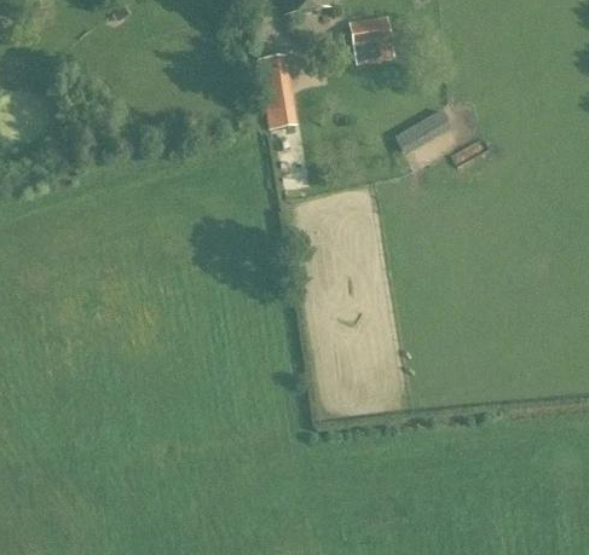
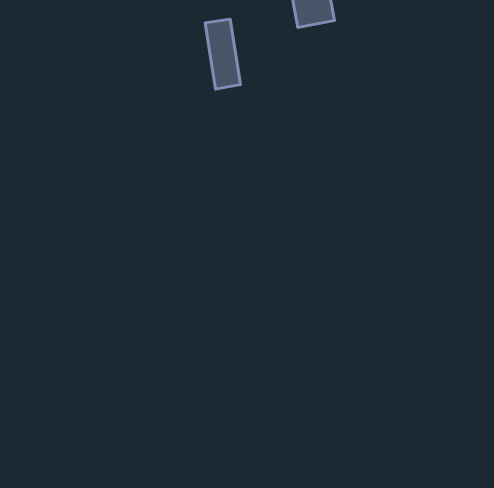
building: [393,108,452,154] -> none

